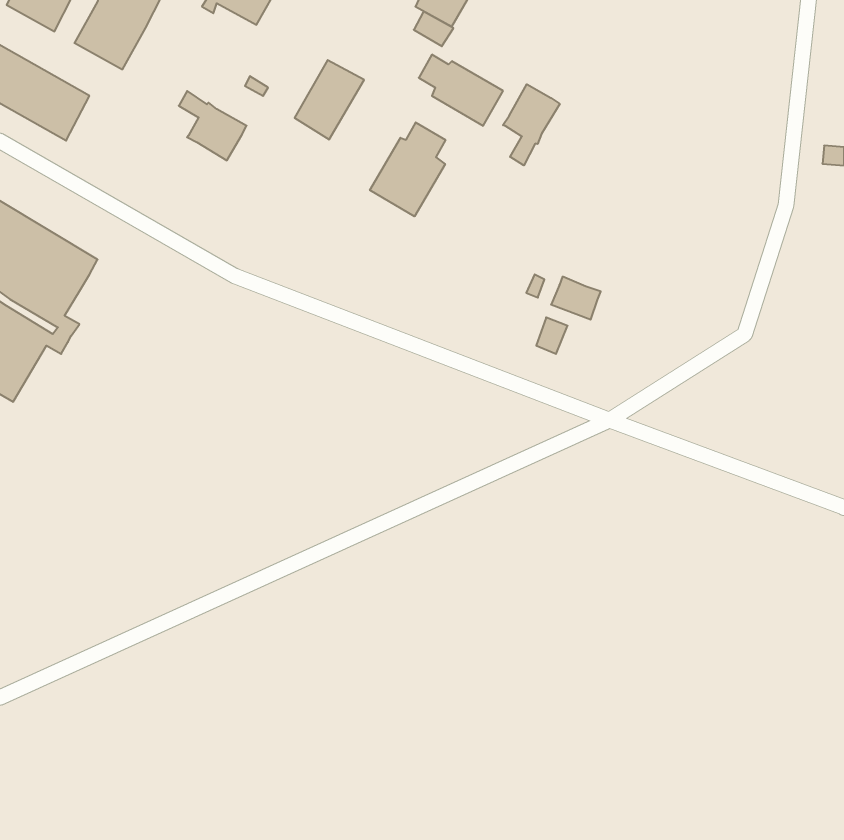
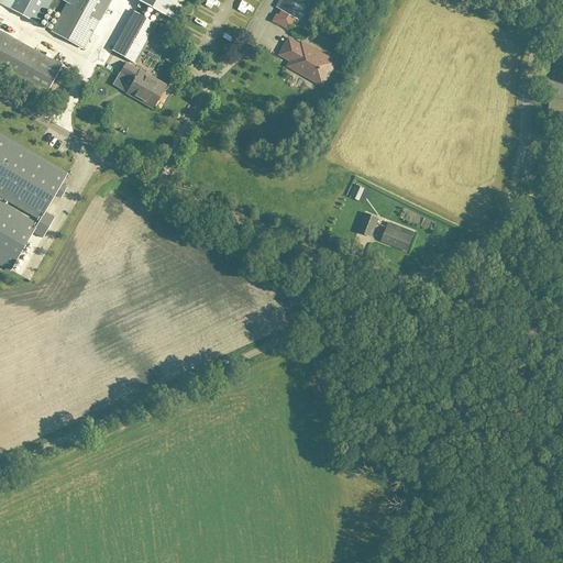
building: [295,60,364,139] -> [110,9,156,62]
building: [503,84,560,165] -> none
building: [370,122,445,216] -> none
building: [551,277,601,320] -> [379,220,412,249]

